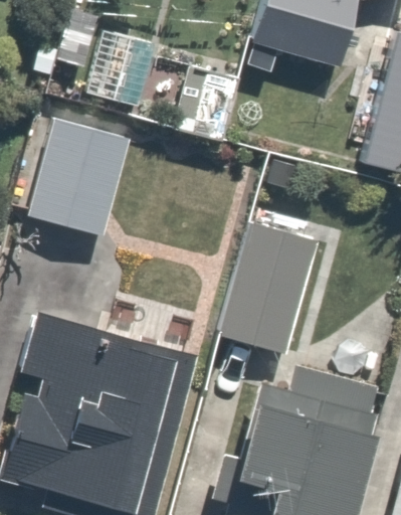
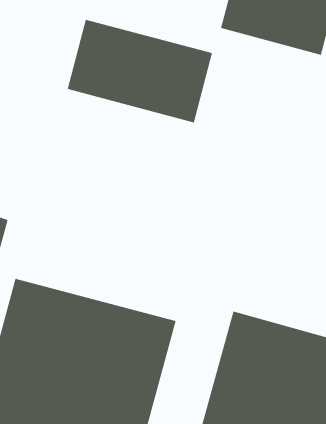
building: [19,108,143,239] -> none
building: [213,213,328,355] -> none

